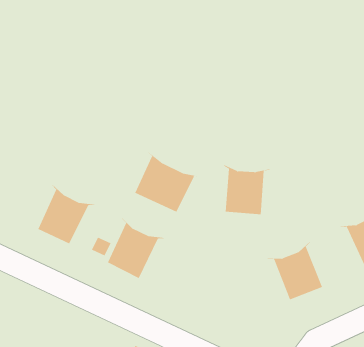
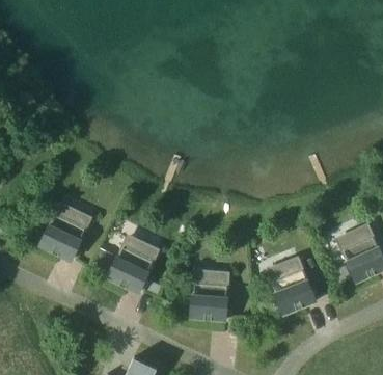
building: [135,150,202,212] -> none
building: [223,164,271,215] -> [188,269,235,318]

